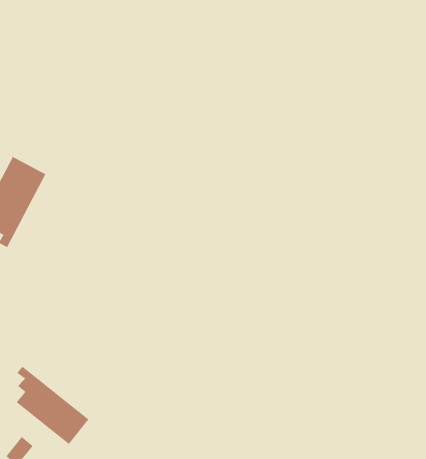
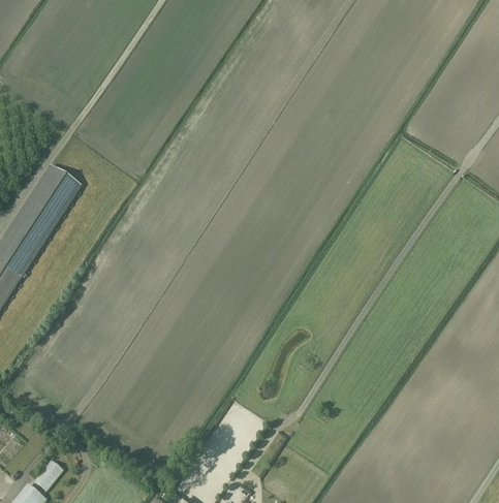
building: [16,366,89,445] -> none

